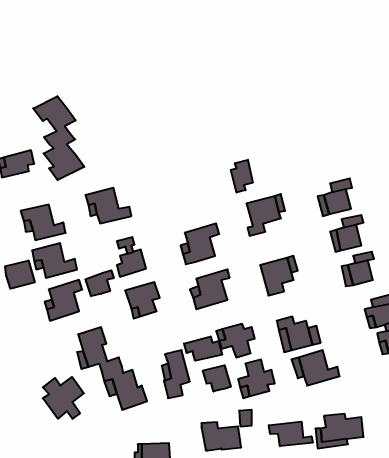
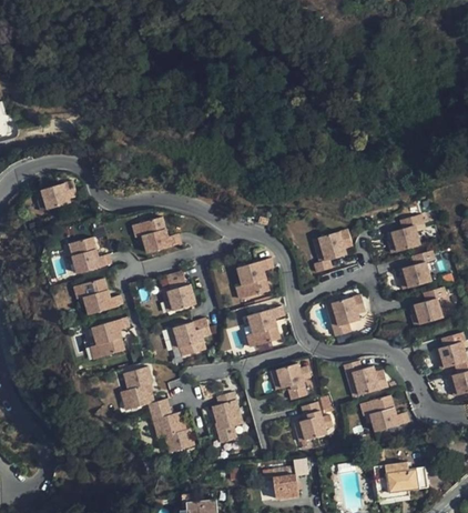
building: [33,96,84,180] -> none
building: [231,160,253,193] -> none
building: [5,260,35,289] -> none
building: [85,270,114,296] -> none
building: [184,336,222,361] -> none
building: [203,365,231,392] -> none
building: [43,377,84,419] -> none
building: [269,422,313,446] -> none

